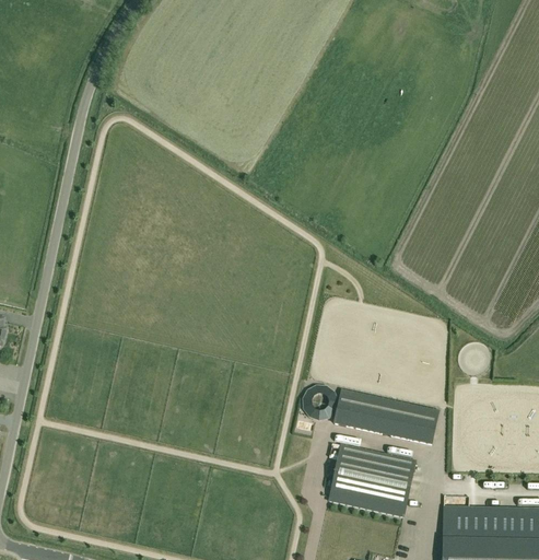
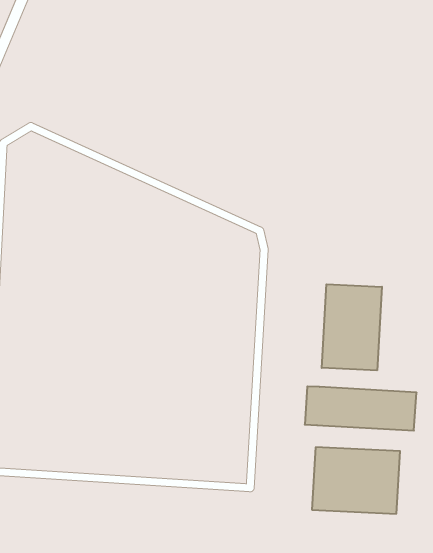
building: none -> [322,284,382,370]

